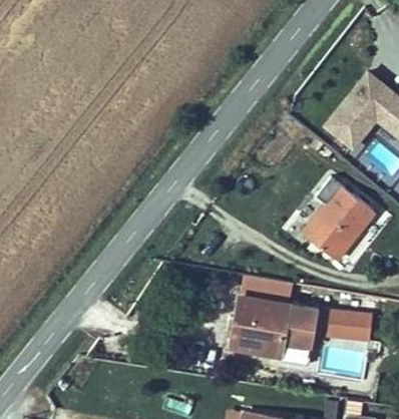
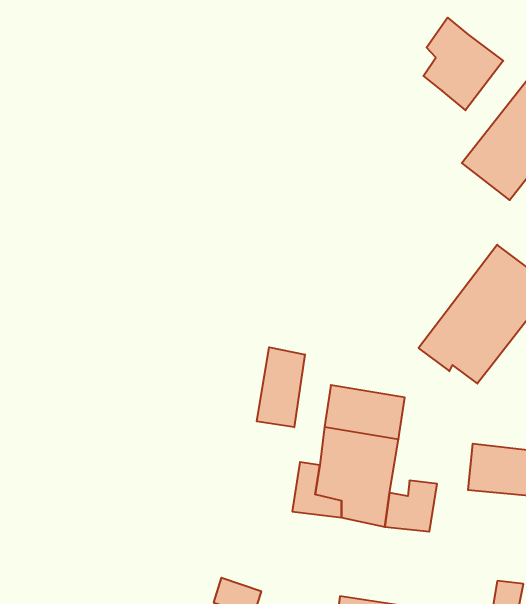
building: none -> [423,18,503,110]
building: none -> [257,347,305,427]
building: [277,307,312,344] -> none

